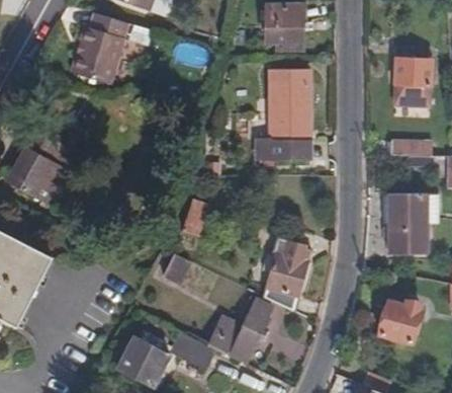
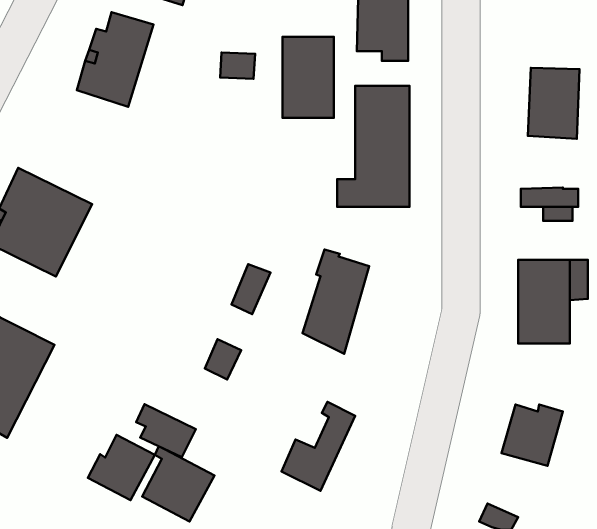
building: none -> [283,37,334,118]
building: [263,235,311,311] -> [302,250,369,354]
building: none -> [88,435,155,500]
building: [174,330,217,369] -> [136,404,196,457]

